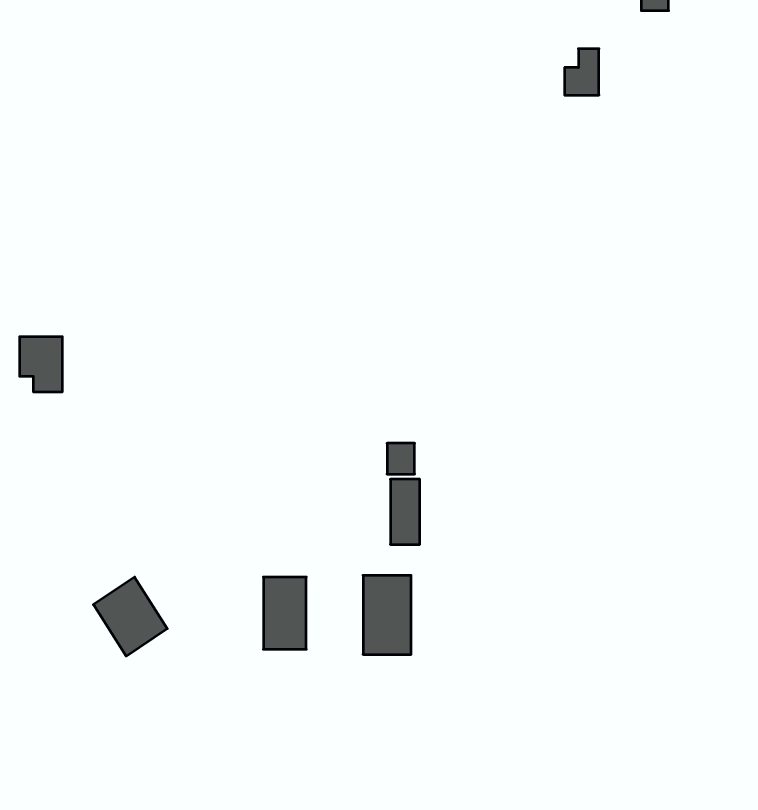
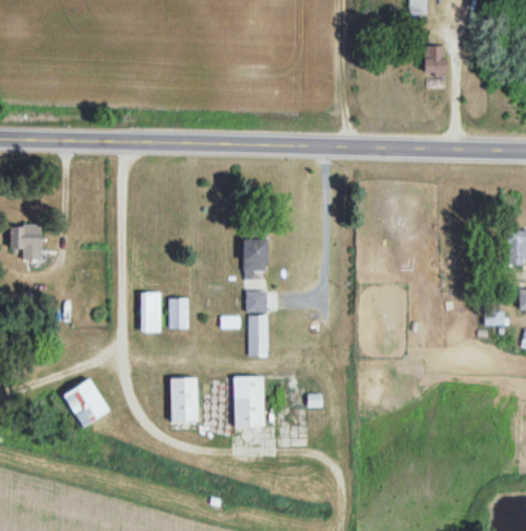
building: [565,49,599,95] -> [423,47,445,76]
building: none -> [242,237,265,279]
building: none -> [142,292,162,332]
building: none -> [169,297,189,329]

